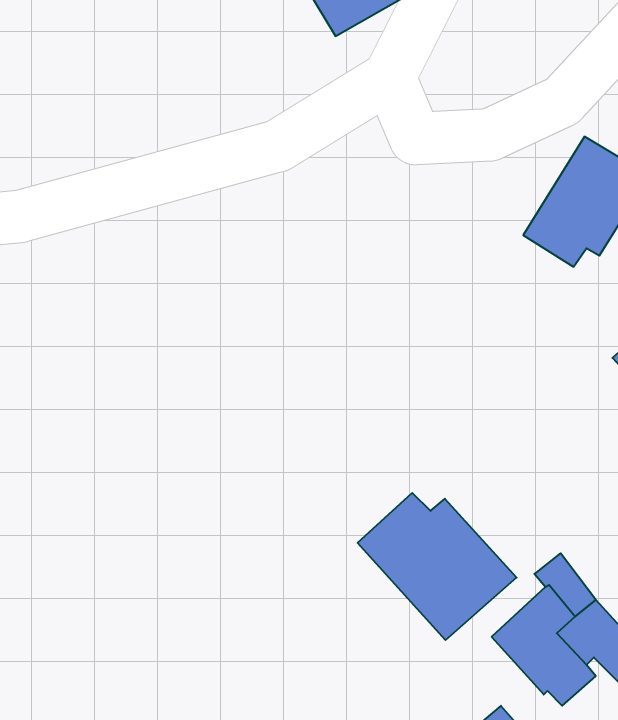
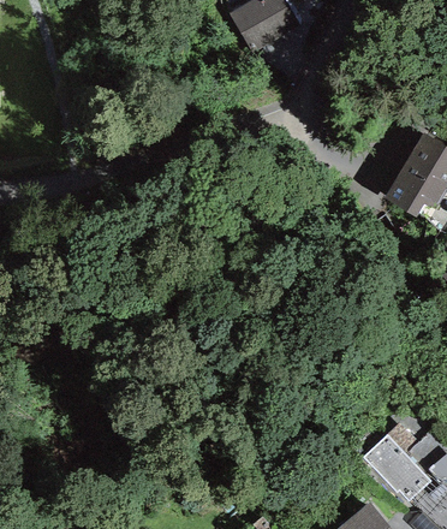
building: [358,493,517,640] -> none

